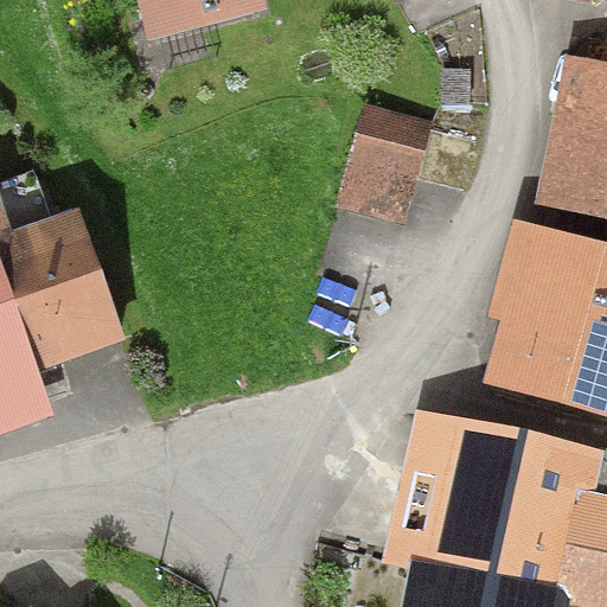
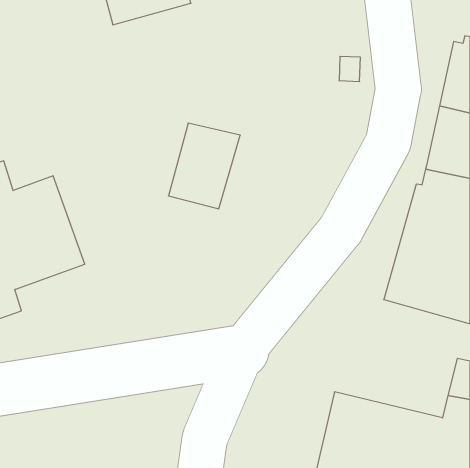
building: [334,114,426,223] -> [168,123,240,209]
building: [433,427,589,532] -> none

